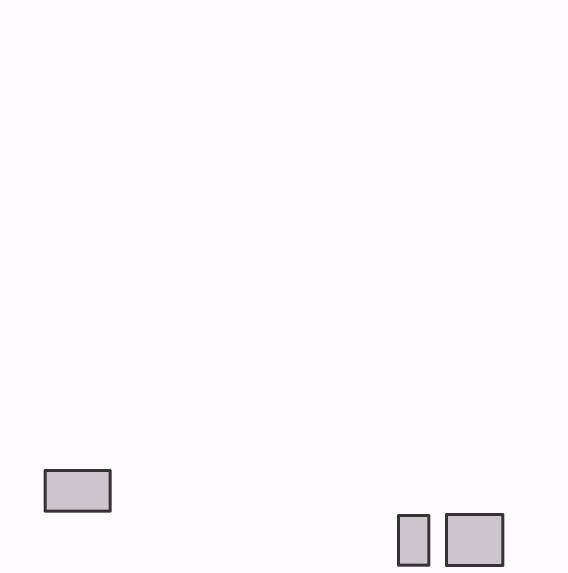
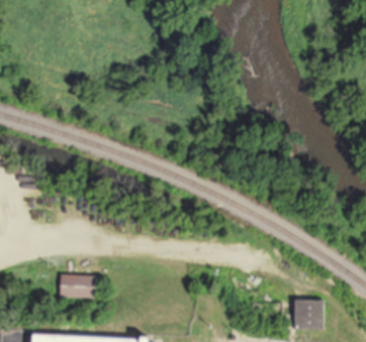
building: [398,515,429,565] -> none

